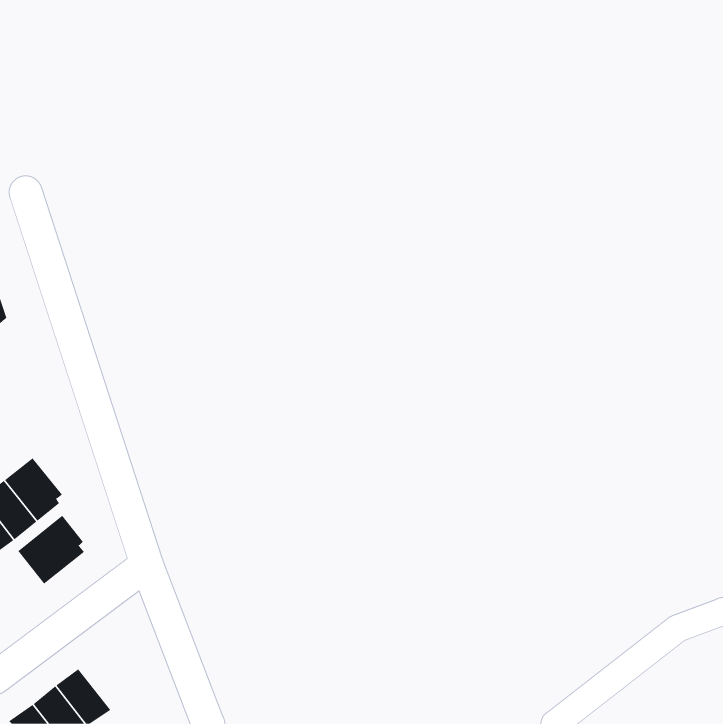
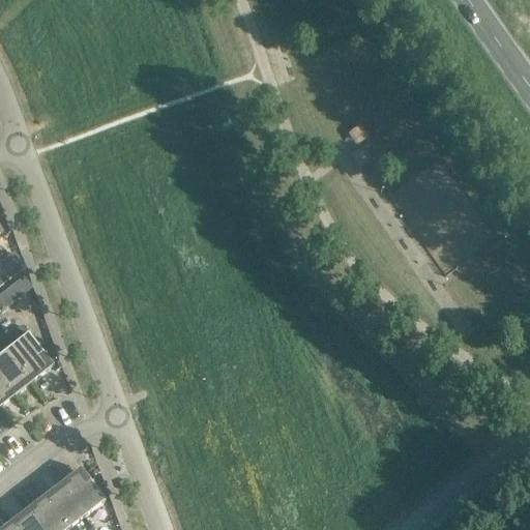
building: [17,515,85,584] -> none
building: none -> [57,472,101,516]

